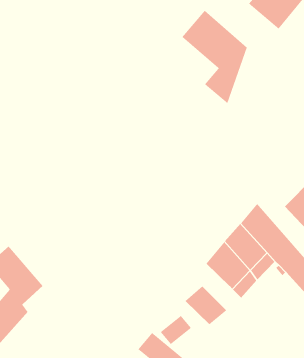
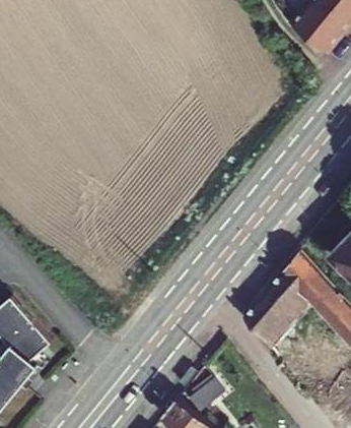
building: [182,10,247,104] -> none
building: [185,285,227,325] -> none

